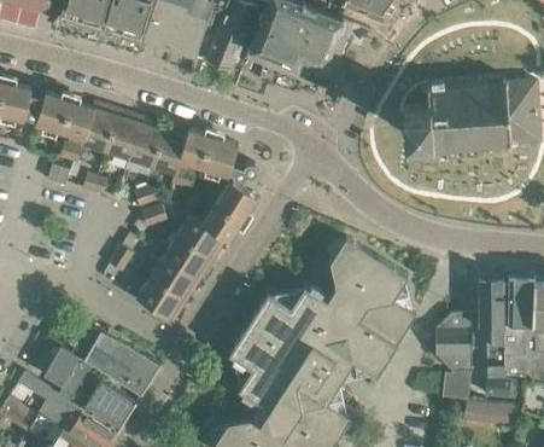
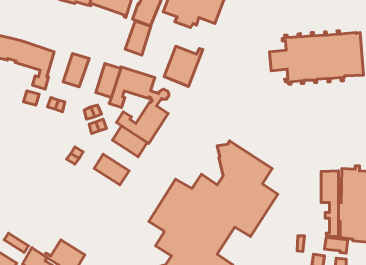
building: none -> [164,46,203,86]
building: [80,101,117,151] -> none
building: [127,117,164,167] -> [125,21,151,55]
building: [162,236,212,280] -> none
building: [135,277,186,323] -> none
building: [434,312,470,372] -> none
building: [43,329,159,401] -> none

